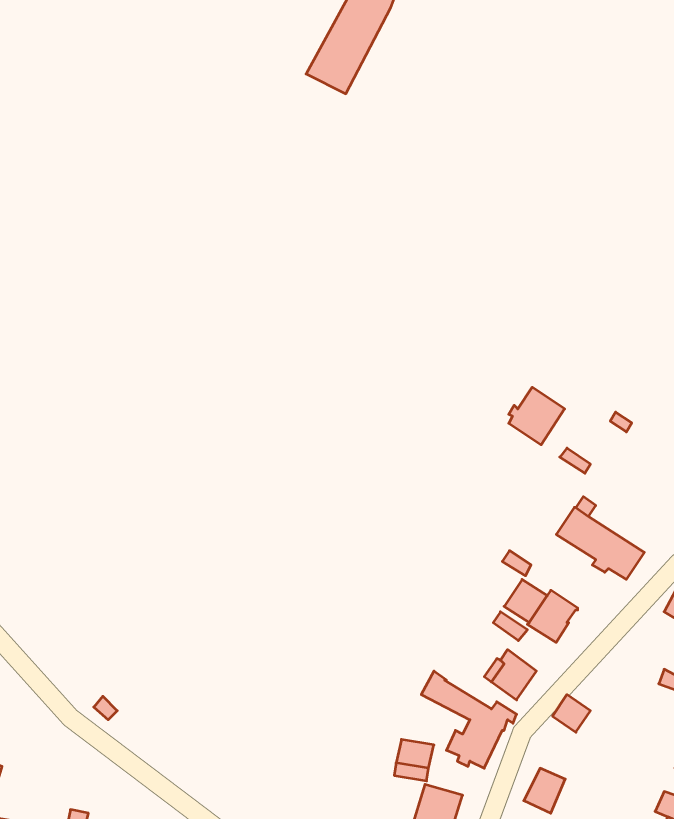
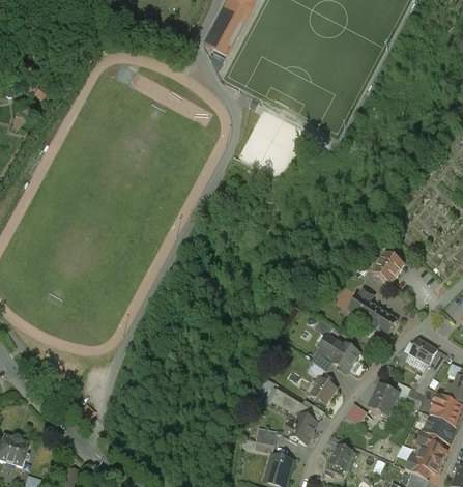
building: [509,387,565,445] -> [373,251,405,284]
building: none -> [370,383,399,417]

